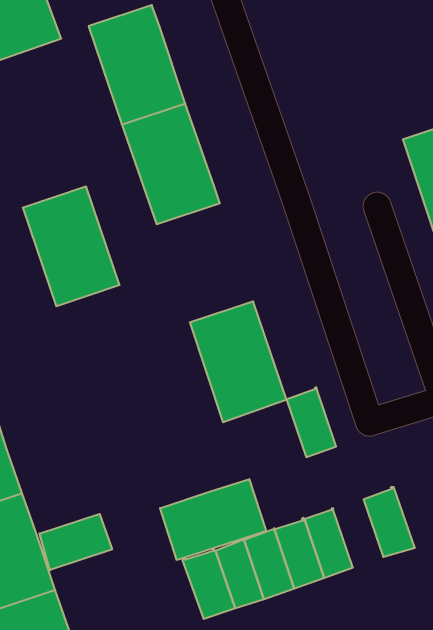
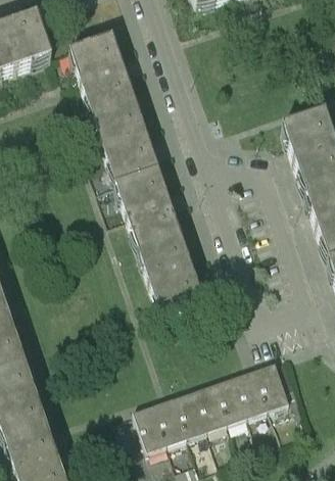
building: [23,187,120,306] -> [116,165,182,246]
building: [286,388,336,457] -> [236,365,270,412]
building: [160,479,266,560] -> none
building: [39,514,112,571] -> none

